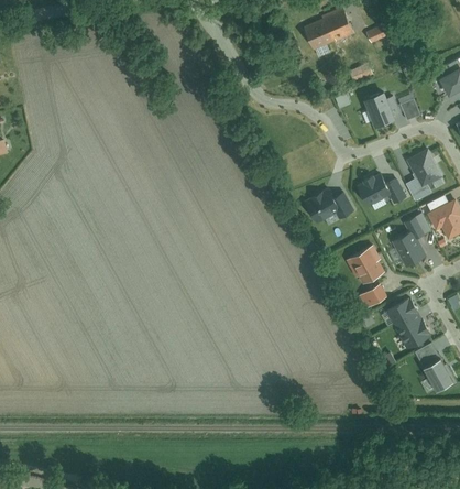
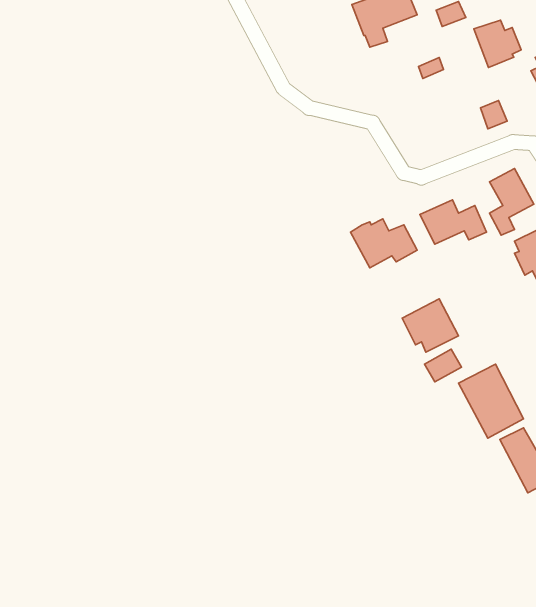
building: [363,90,398,126] -> [474,20,521,67]
building: [391,216,426,267] -> none

